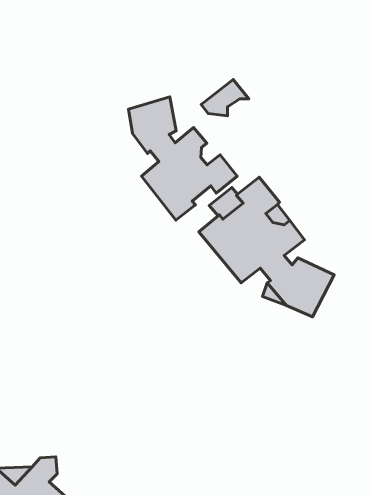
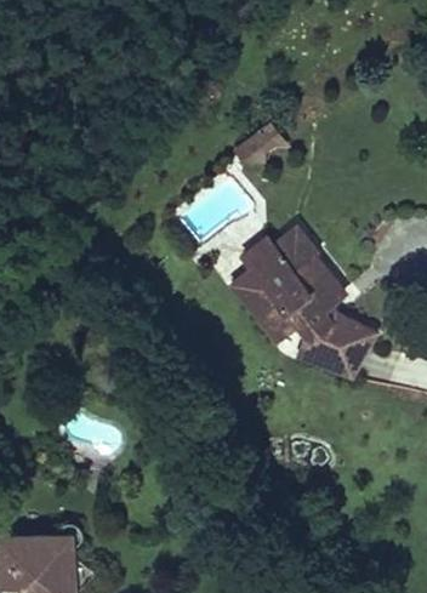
building: [129,97,237,220] -> none

